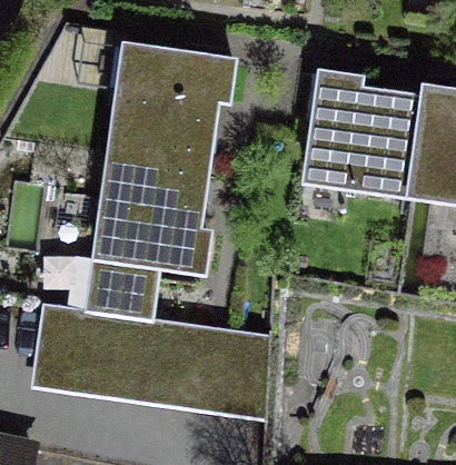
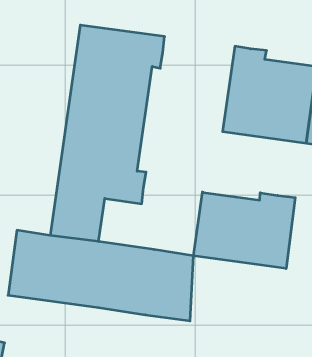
building: none -> [194,192,295,269]

